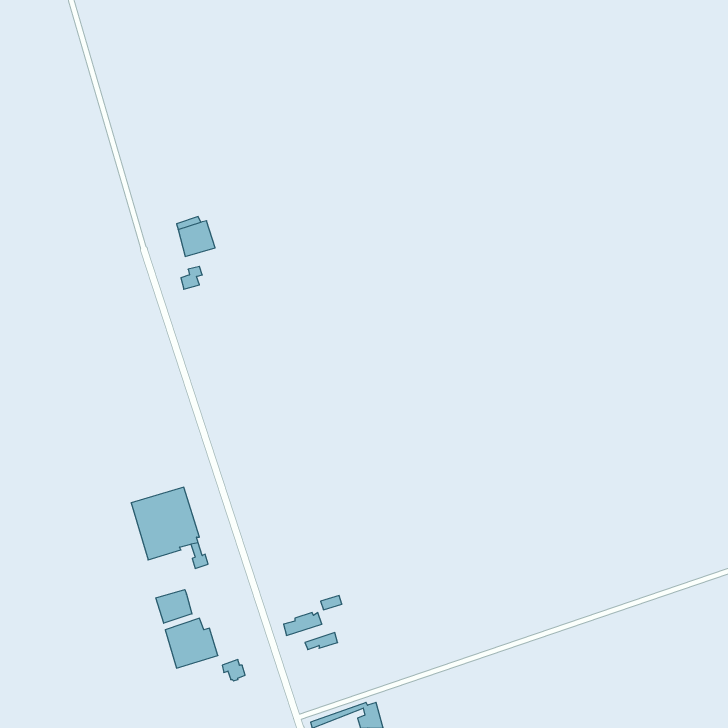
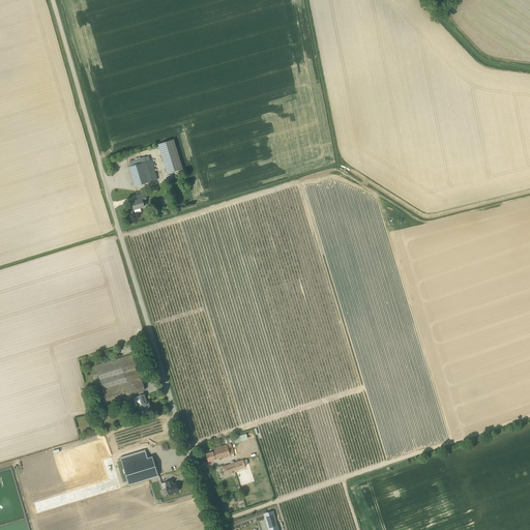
building: none -> [157,140,183,174]
building: [156,590,192,623] -> none

